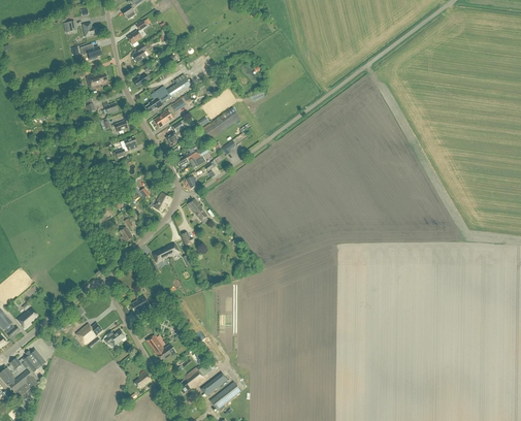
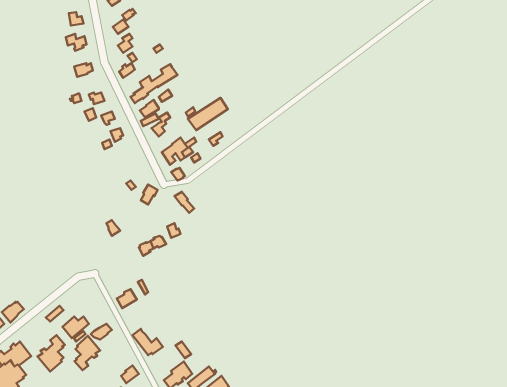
building: none -> [37,335,65,372]
building: none -> [75,336,100,370]

